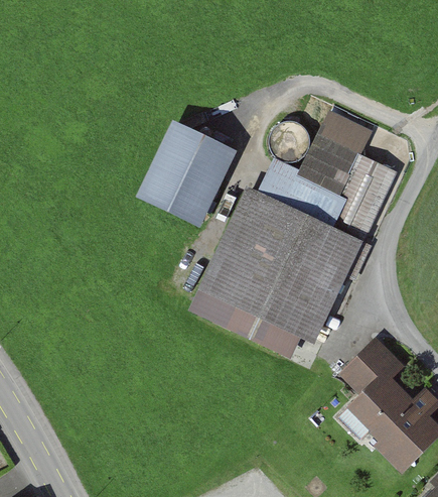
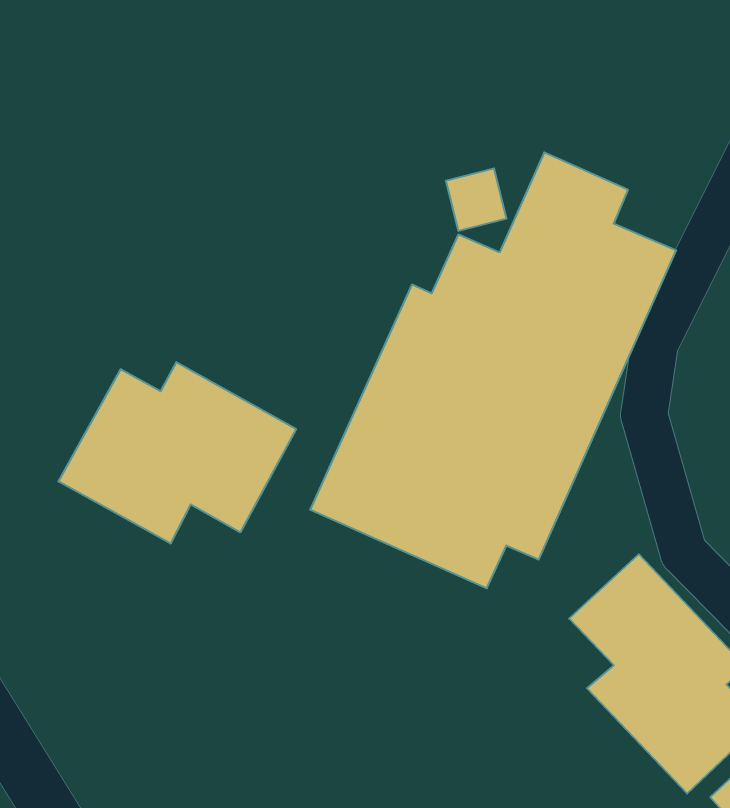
building: [137,119,233,224] -> none
building: none -> [58,362,296,544]

